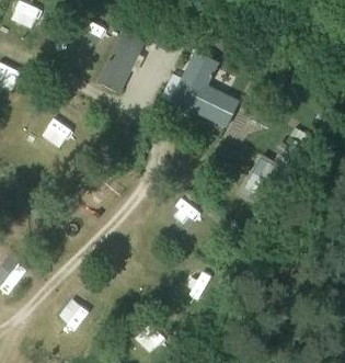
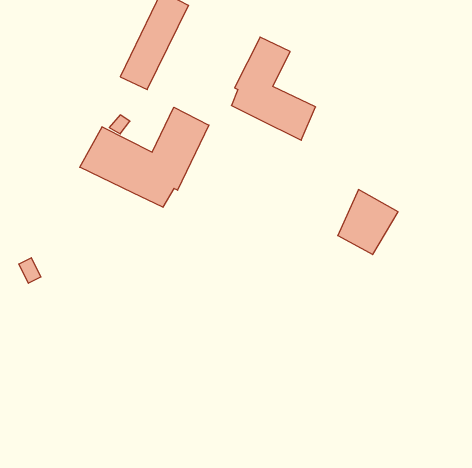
building: none -> [80,107,209,207]

